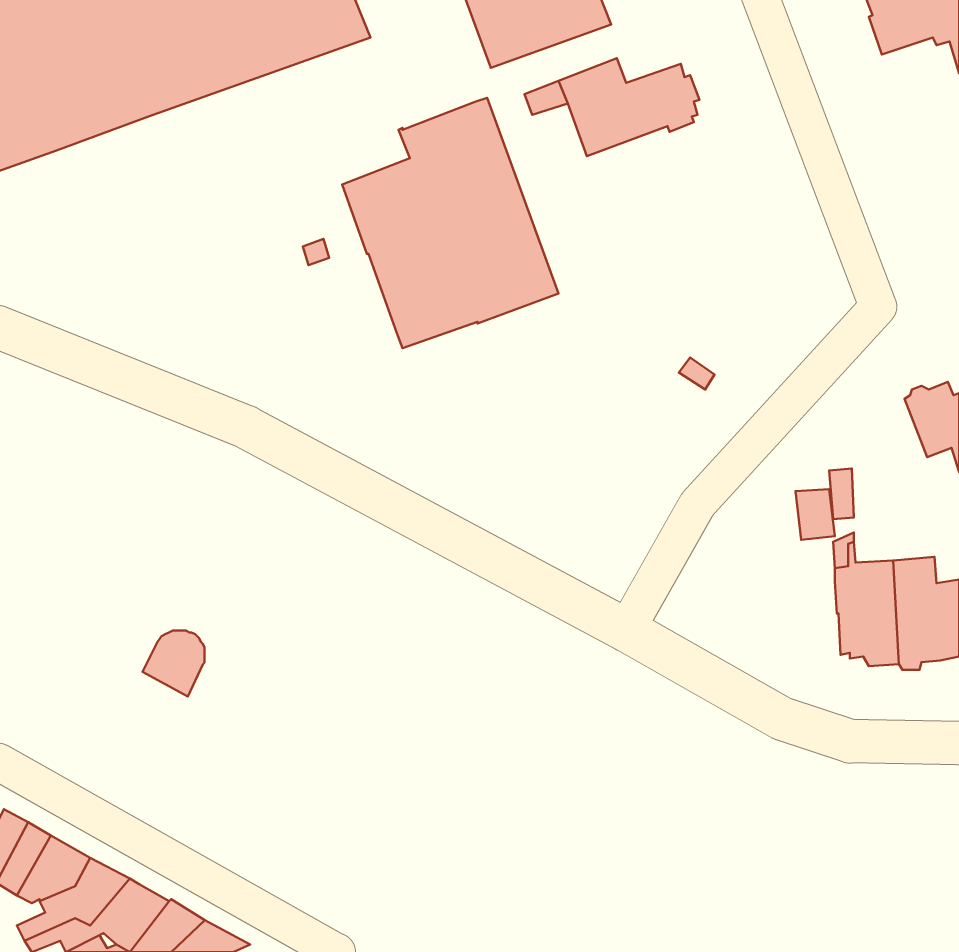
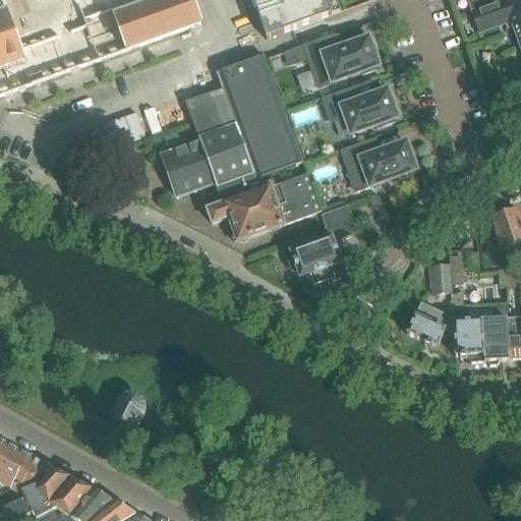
building: none -> [322,83,397,131]
building: none -> [340,135,415,188]
building: none -> [161,137,215,194]
building: none -> [207,170,321,239]
building: none -> [287,204,355,284]
building: none -> [406,300,453,345]
building: [143,631,205,696] -> [111,391,144,426]

